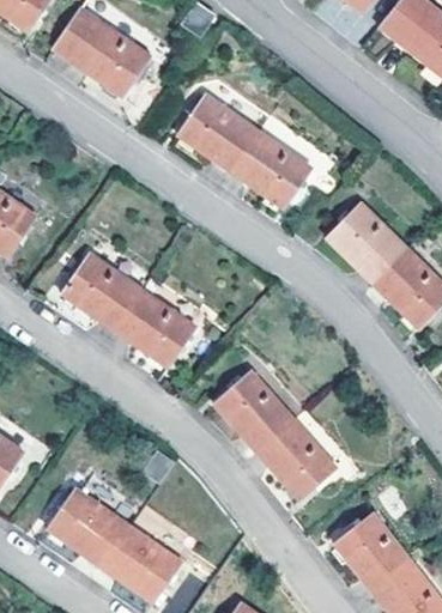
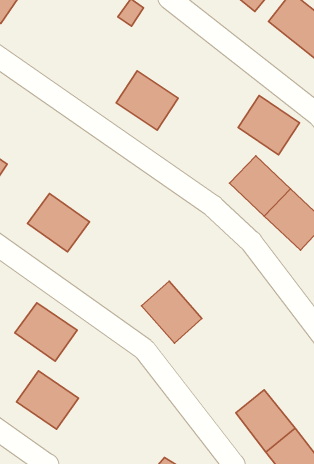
building: [53,7,151,96] -> none
building: [232,129,313,207] -> [238,96,300,155]
building: [115,291,196,368] -> [15,303,77,361]
building: [255,418,333,497] -> none
building: [101,522,182,599] -> none

